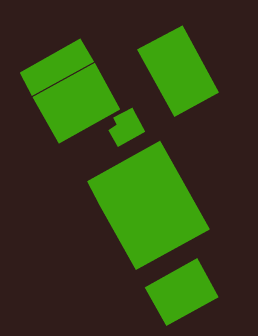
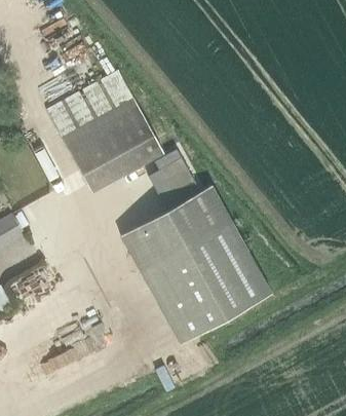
building: [136,24,220,118] -> none
building: [144,257,219,327] -> none

